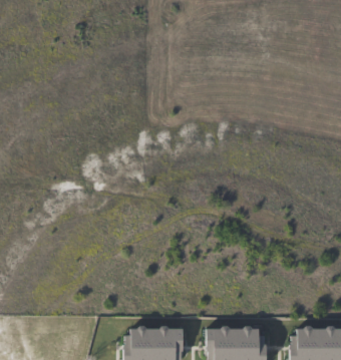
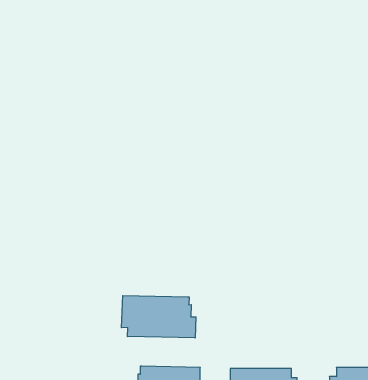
building: none -> [121,296,196,338]

